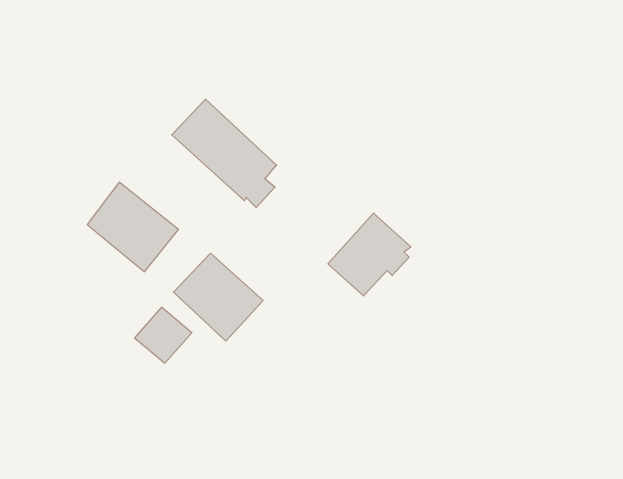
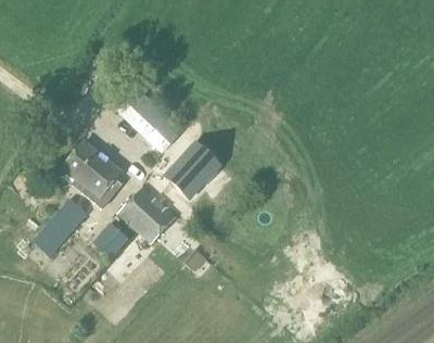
building: [328,213,411,296] -> [166,143,219,196]
building: none -> [33,198,88,256]

